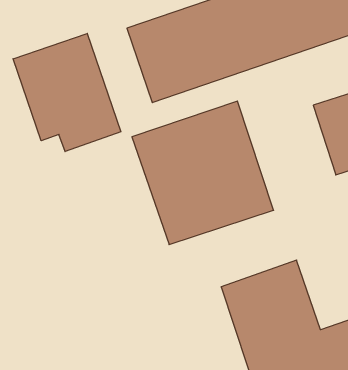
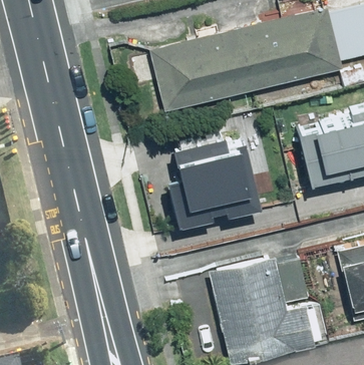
building: [13,33,121,152] -> none

